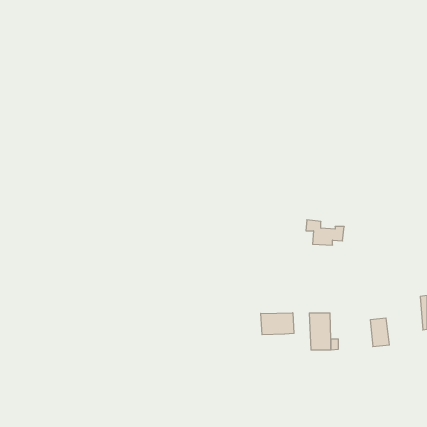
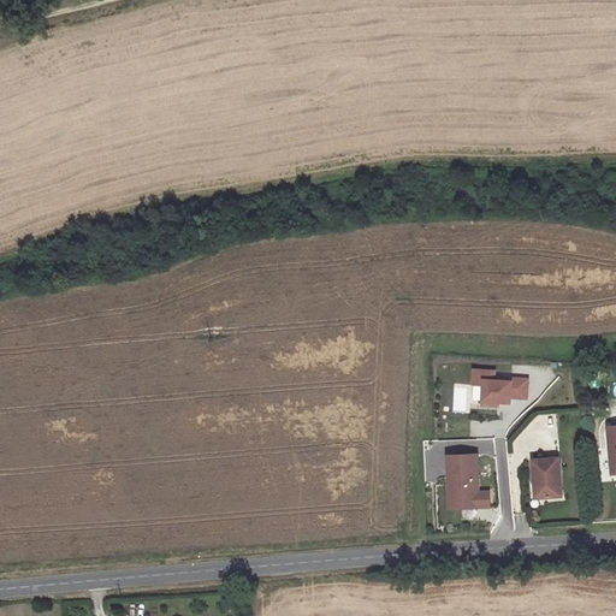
building: [306,220,344,245] -> [474,371,529,407]
building: [261,313,294,335] -> none

